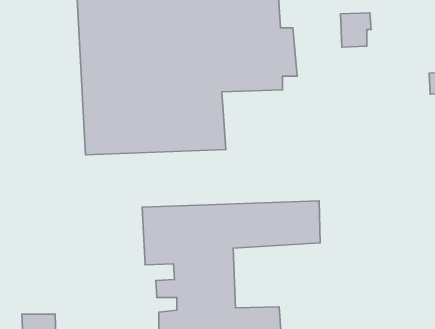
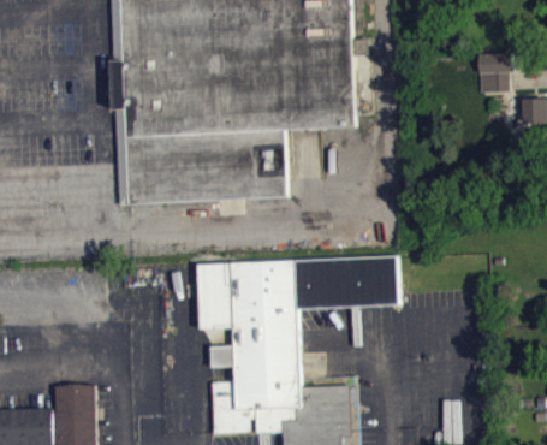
building: [341,13,371,47] -> [477,61,512,101]

